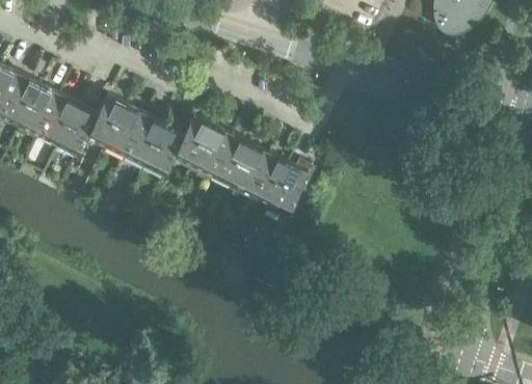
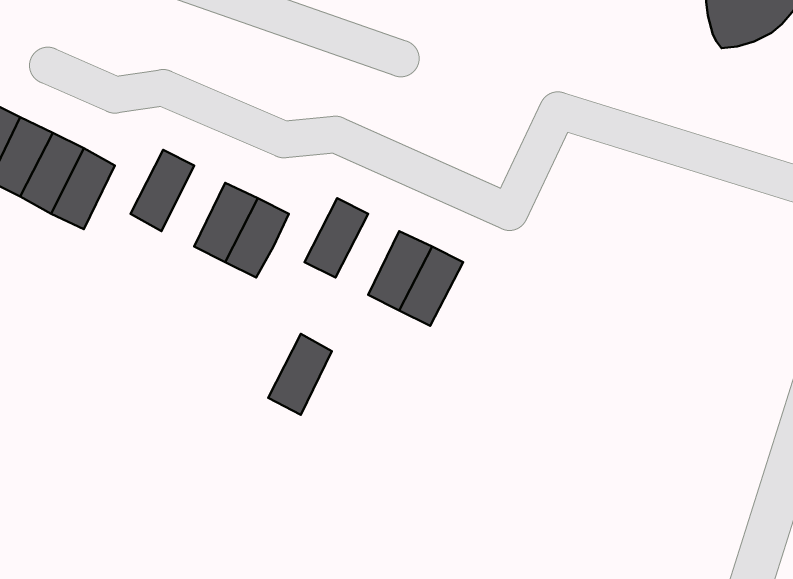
building: [59,95,107,153] -> none
building: [106,105,144,154] -> none
building: [174,115,212,163] -> none
building: [211,134,249,183] -> [268,334,332,415]
building: [268,161,316,212] -> none

